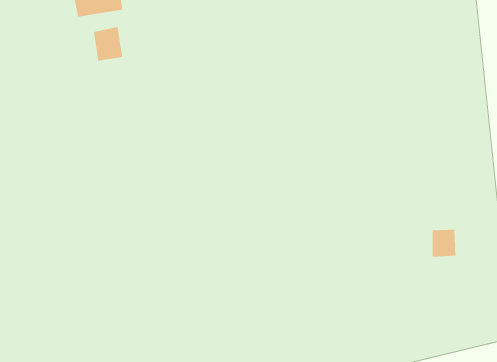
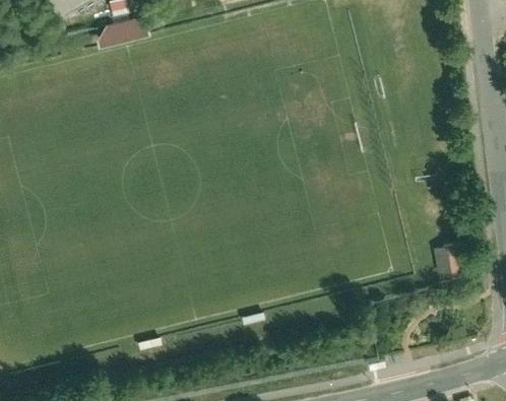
building: [93,26,123,61] -> none

